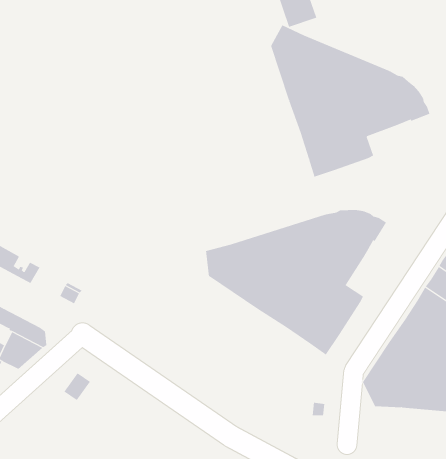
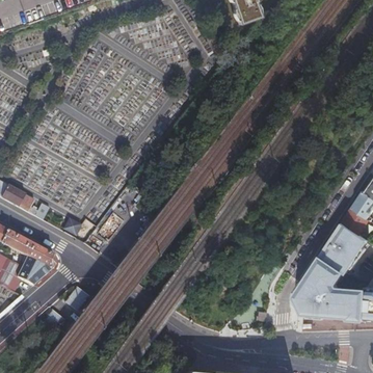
building: [270,24,430,178] -> none
building: [205,209,387,356] -> none

